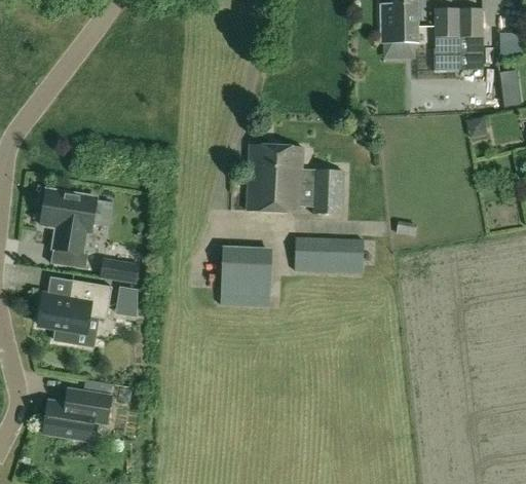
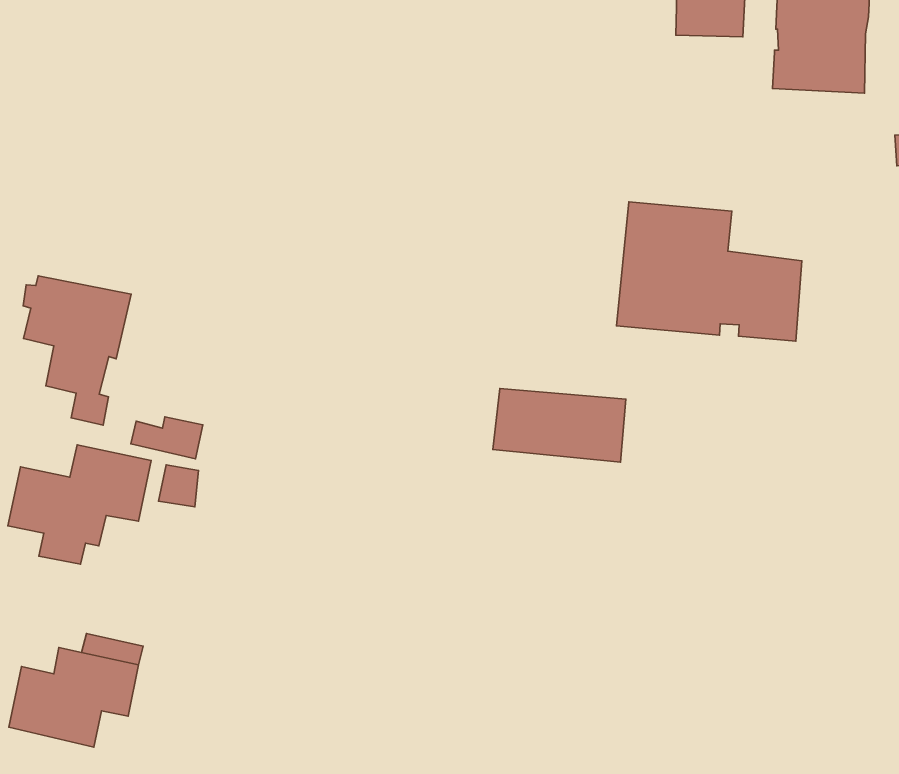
building: [246,144,343,214] -> [616,202,802,341]
building: [221,246,272,306] -> none

